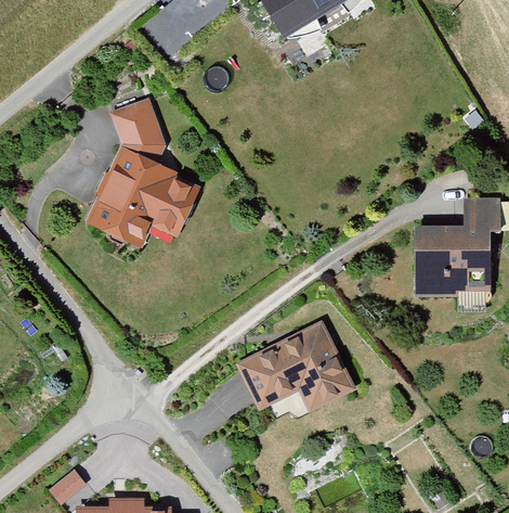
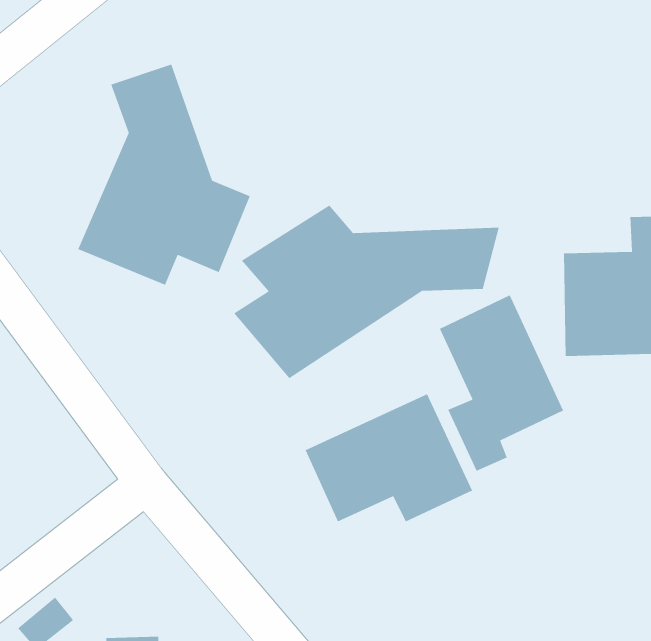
building: none -> [233,204,500,379]
building: none -> [439,294,564,472]

